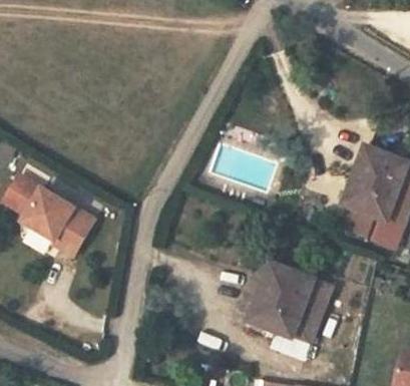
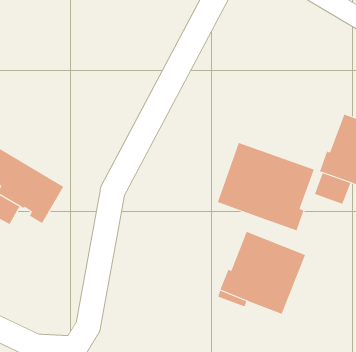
building: none -> [217,142,315,231]

